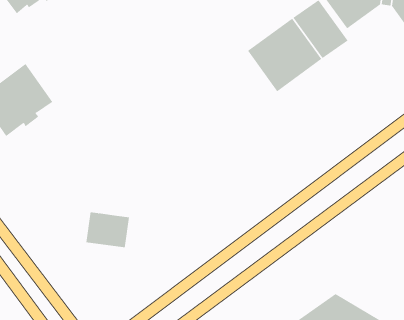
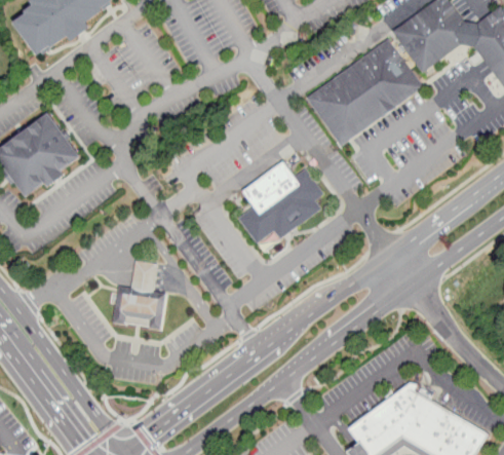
building: none -> [239,162,324,243]
building: none -> [130,262,157,292]

